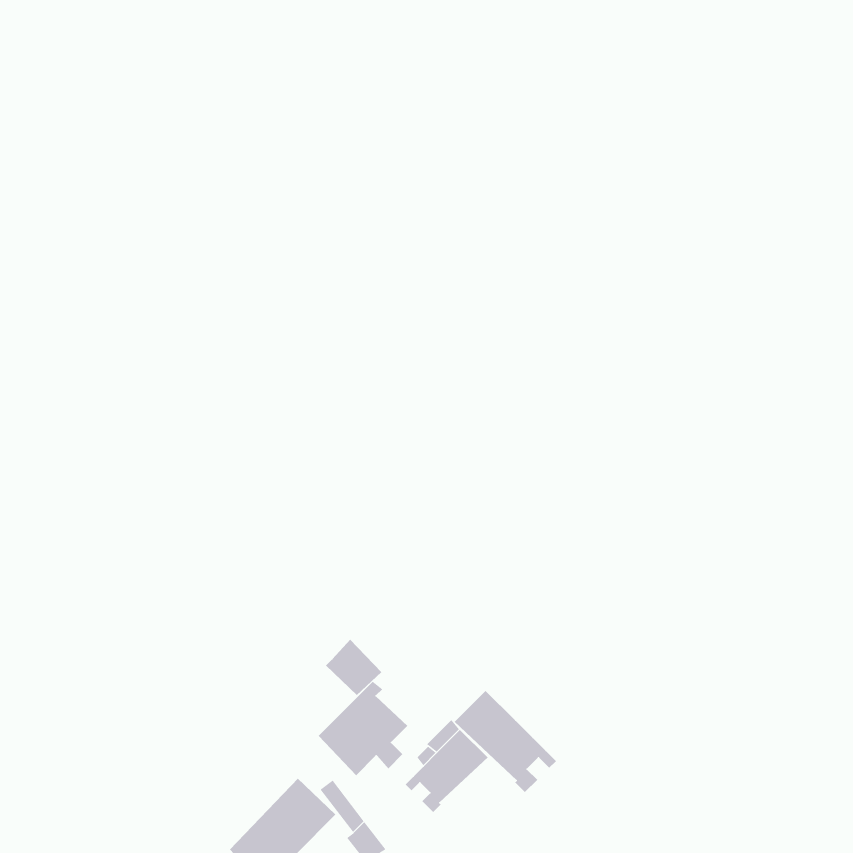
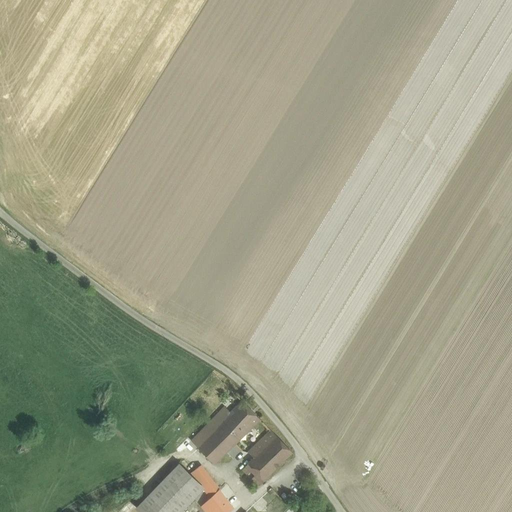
building: [325,639,382,696] -> [225,401,259,435]
building: [454,690,557,793] -> none

